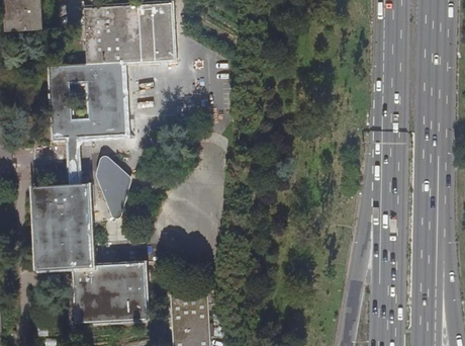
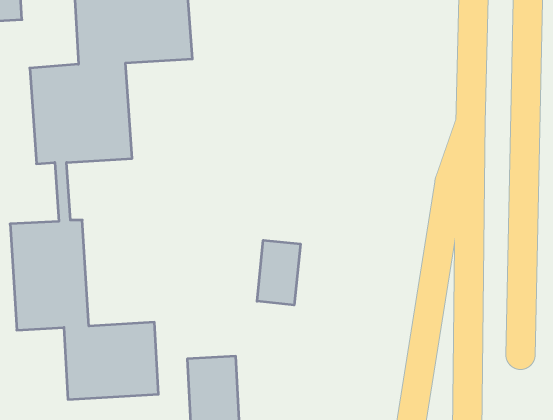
building: [89,154,129,221] -> none
building: none -> [257,240,300,305]

